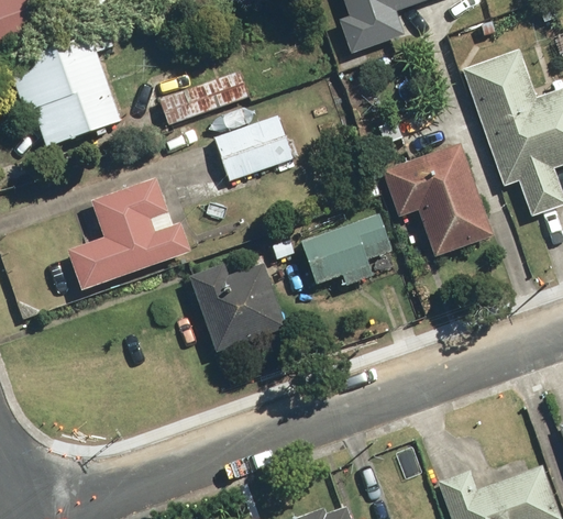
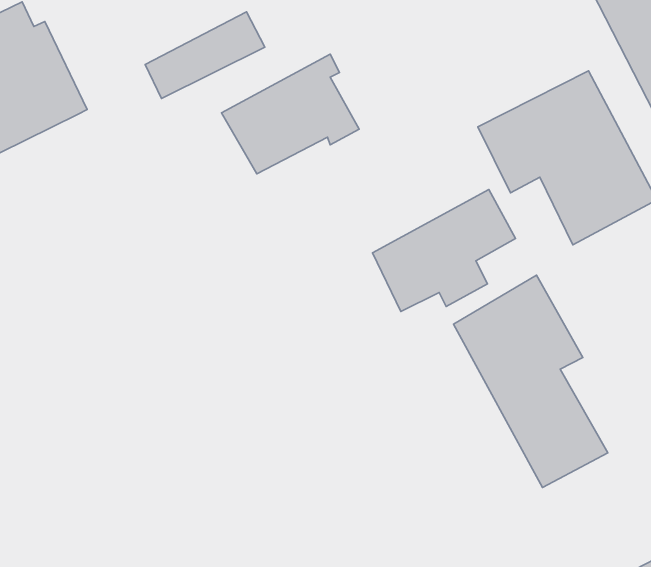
building: [68,175,189,288] -> none
building: [187,262,287,355] -> none
building: none -> [454,275,608,488]

